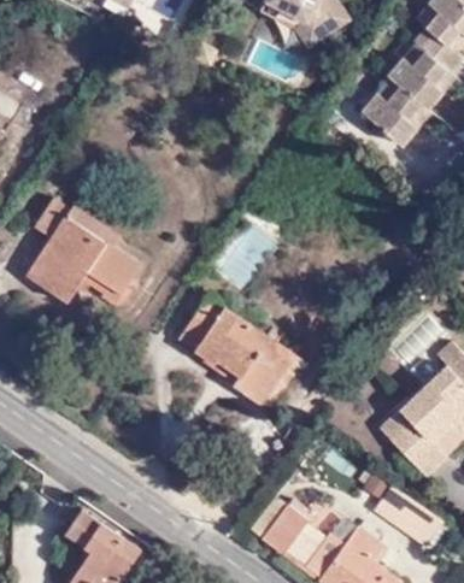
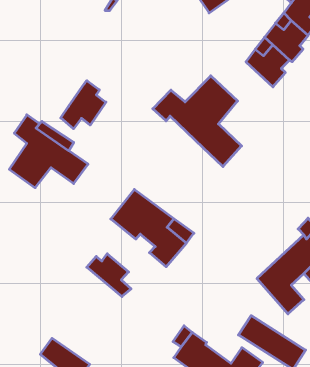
building: none -> [153,76,242,167]
building: none -> [61,81,106,129]
building: none -> [87,254,131,297]

